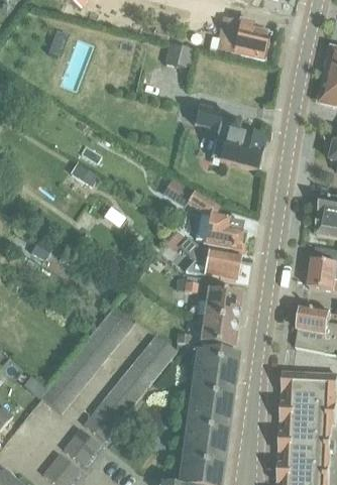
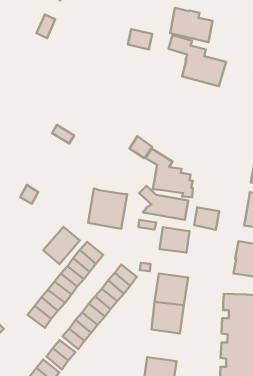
building: [193,106,264,169] -> [168,35,226,86]
building: none -> [88,188,127,229]
building: none -> [194,207,219,230]
building: none -> [43,227,80,264]
building: [199,317,236,348] -> none
building: [188,416,228,456] -> none

